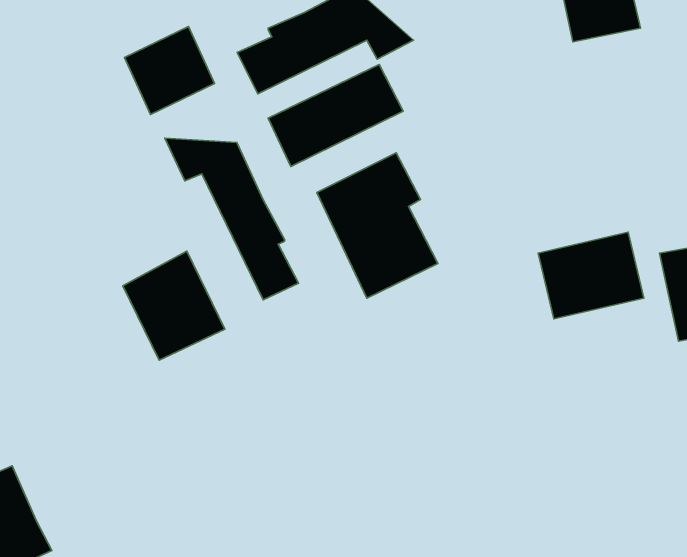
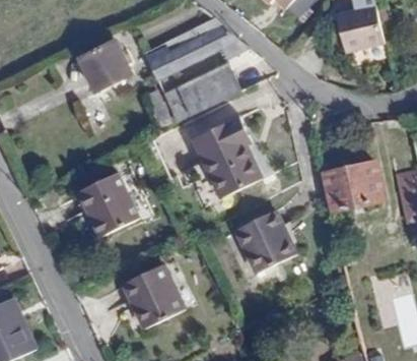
building: [165,138,298,300] -> none
building: none -> [236,210,295,274]
building: none -> [123,263,185,329]

